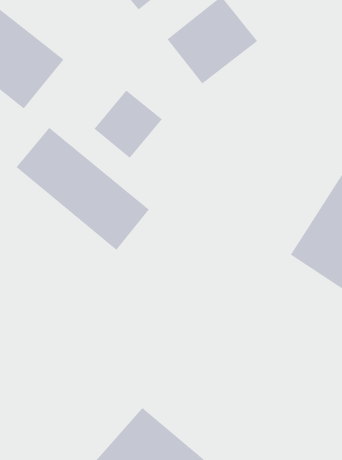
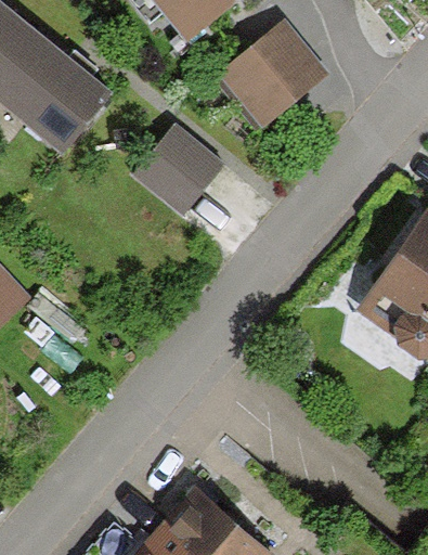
building: [16,127,150,251] -> none

